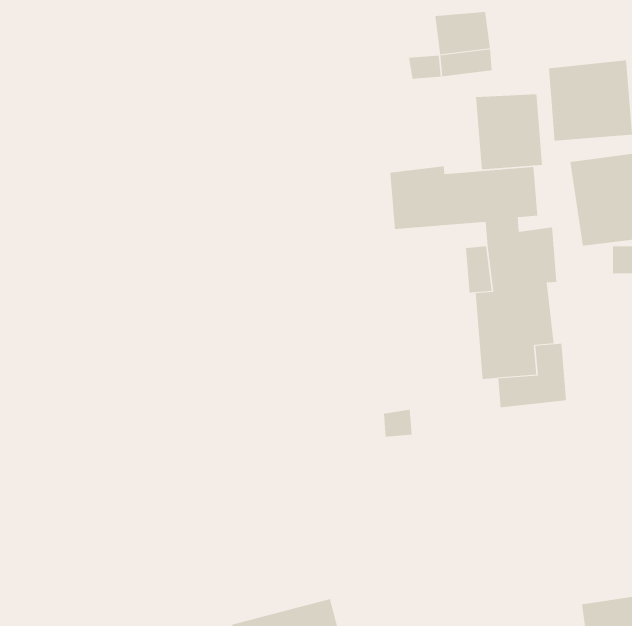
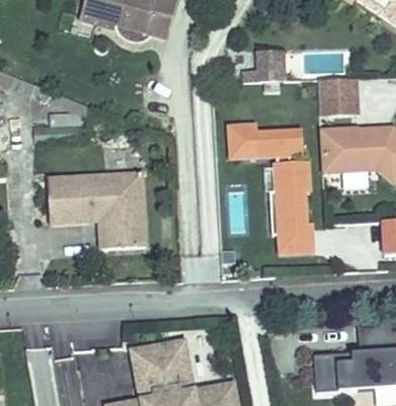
building: [476,94,543,170] -> none
building: none -> [47,172,142,246]

